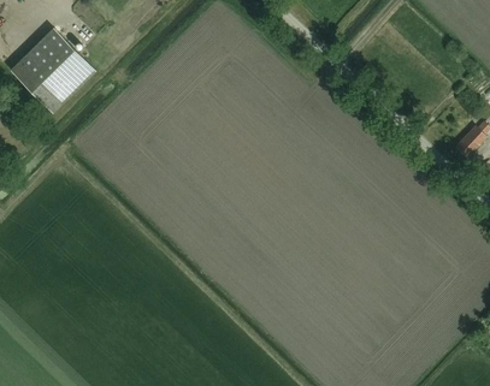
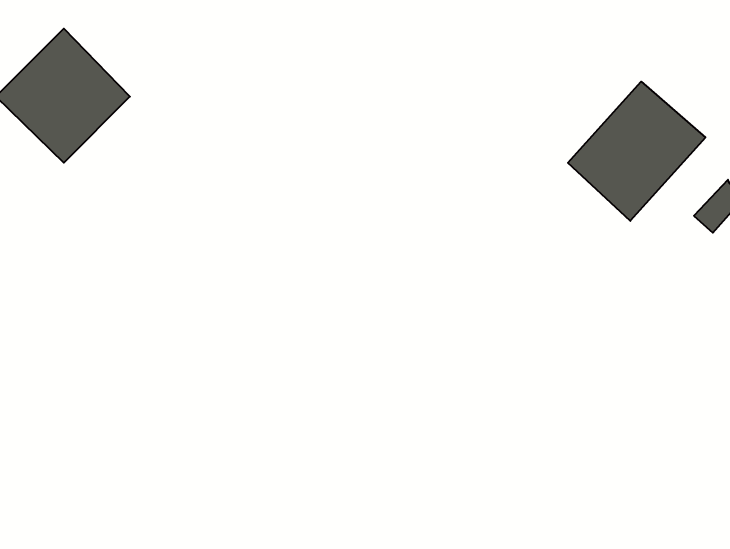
building: none -> [568,82,705,221]

